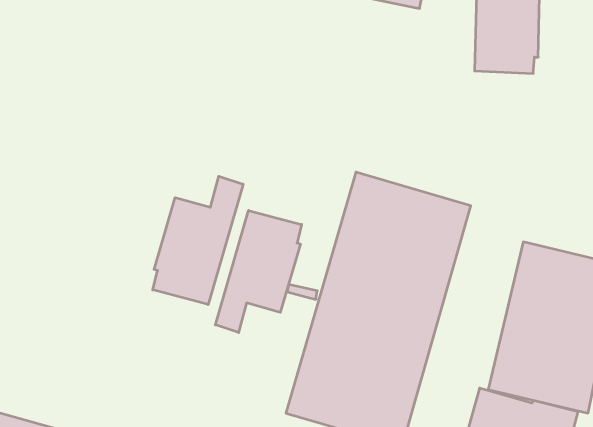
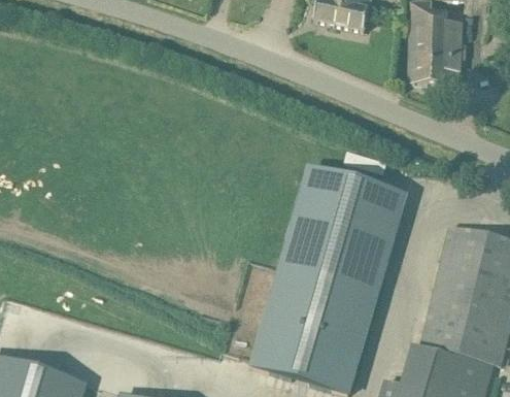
building: [153,176,243,305] -> none
building: [215,210,302,333] -> none

